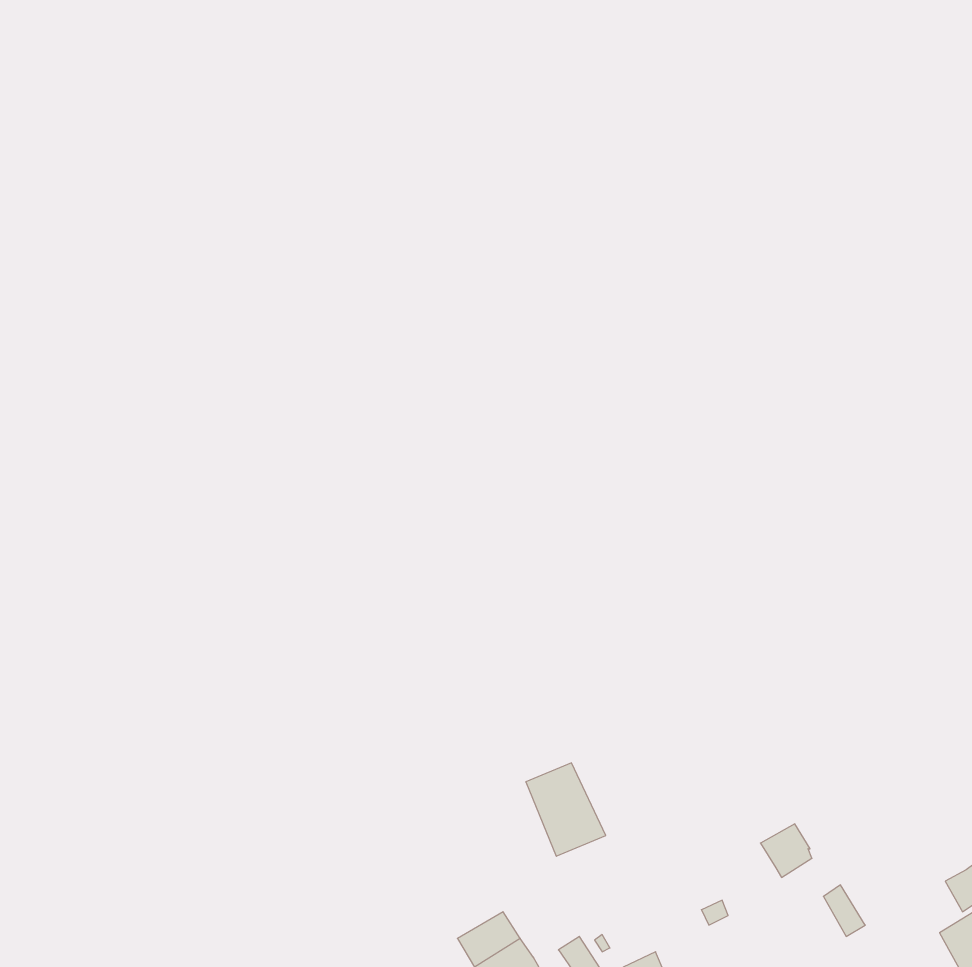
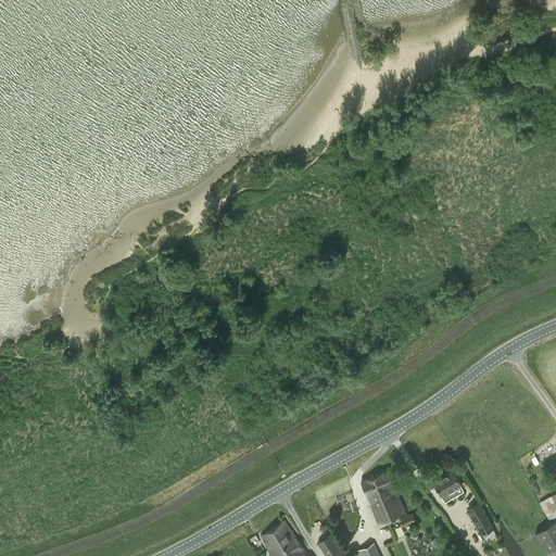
building: [526,763,606,856] -> [362,473,407,527]

